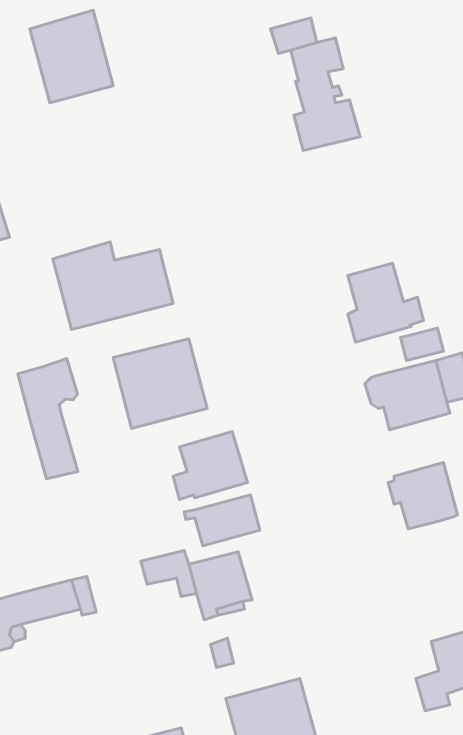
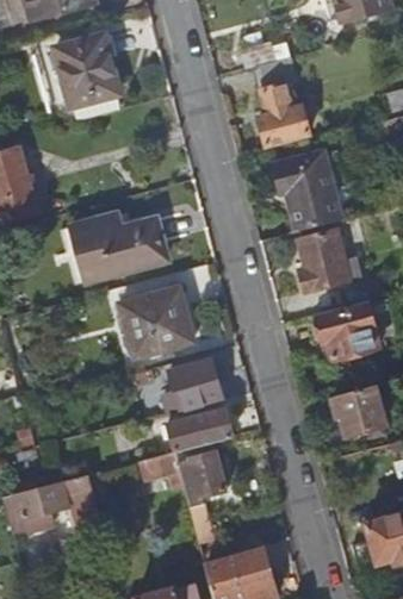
building: none -> [271,151,341,231]
building: [18,359,78,479] -> none

